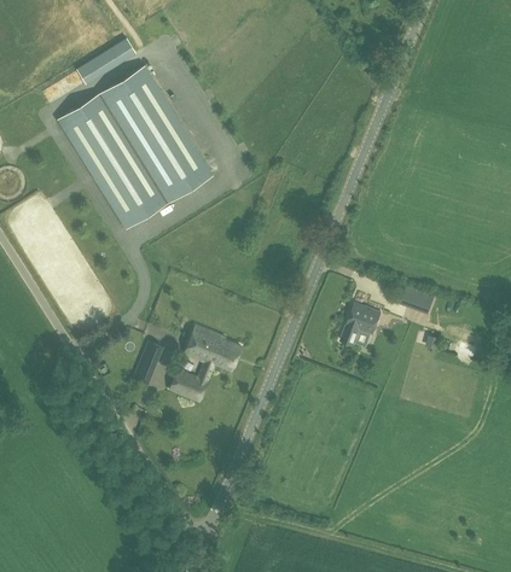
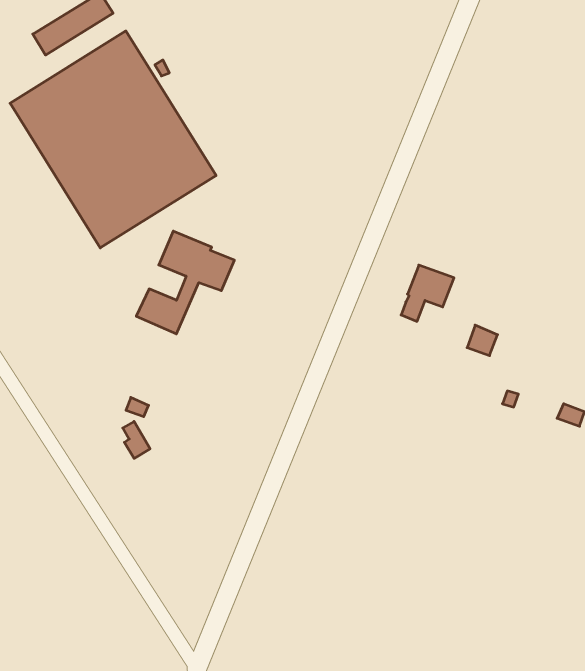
building: [342,302,382,344] -> [401,265,454,321]
building: [168,325,242,402] -> [136,231,234,334]

